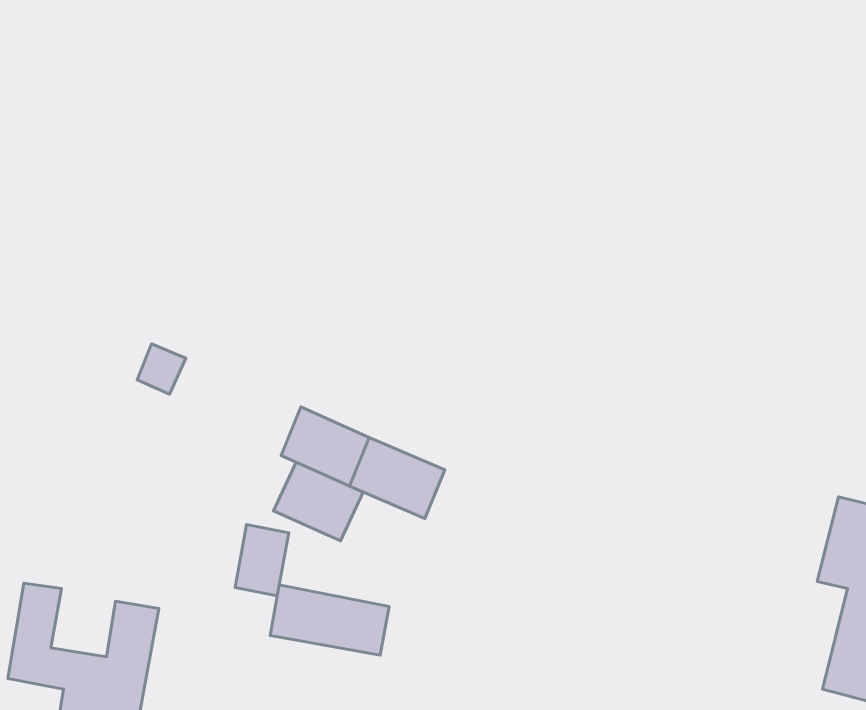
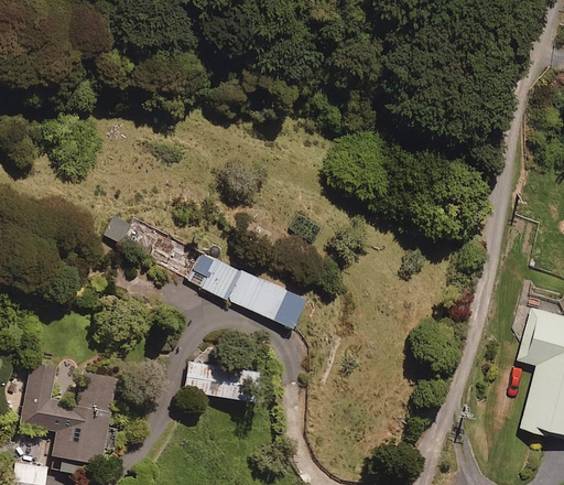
building: [273,462,363,541] -> none
building: [235,524,289,596] -> none

